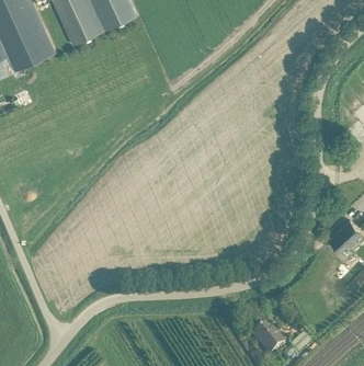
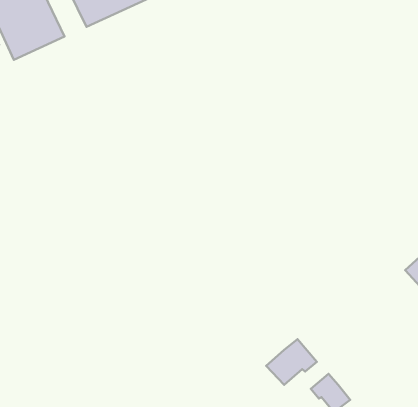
building: none -> [266,339,317,385]

